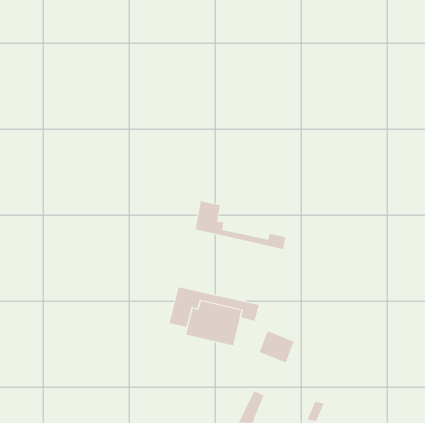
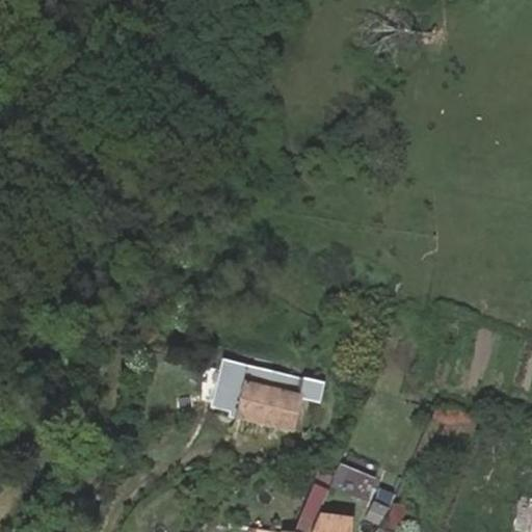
building: [195,201,286,250] -> none
building: [259,331,294,363] -> [331,463,376,504]

